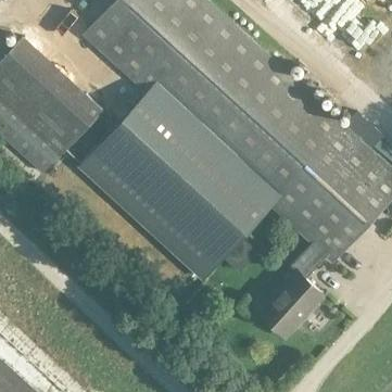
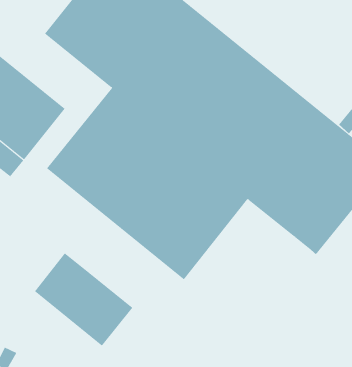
building: [257,243,326,338] -> none
building: none -> [34,252,133,346]

